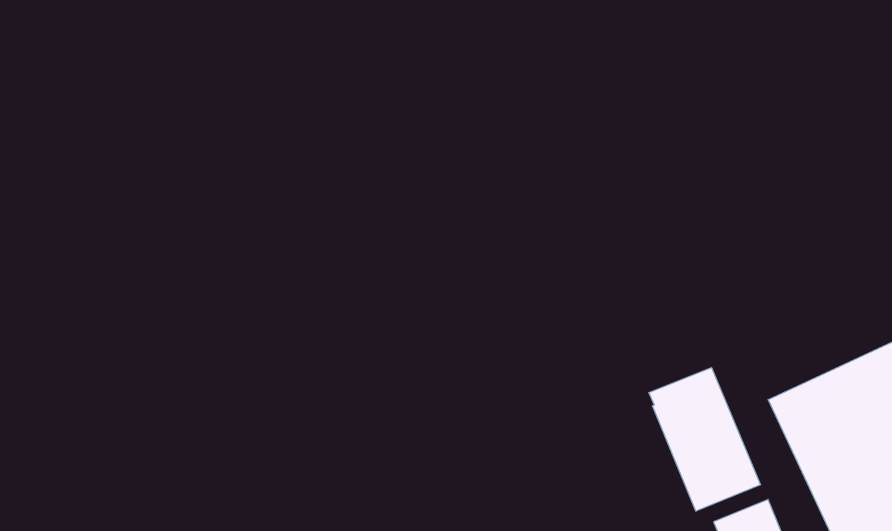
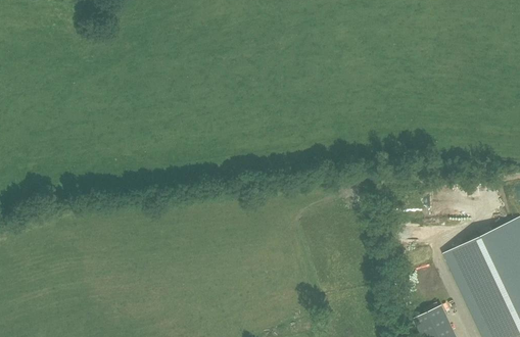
building: [649,368,760,511] -> none

